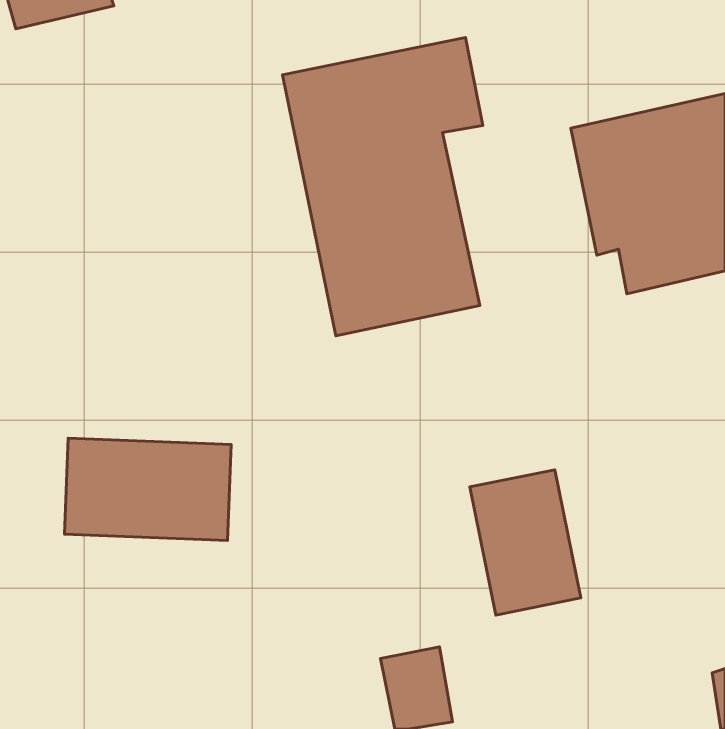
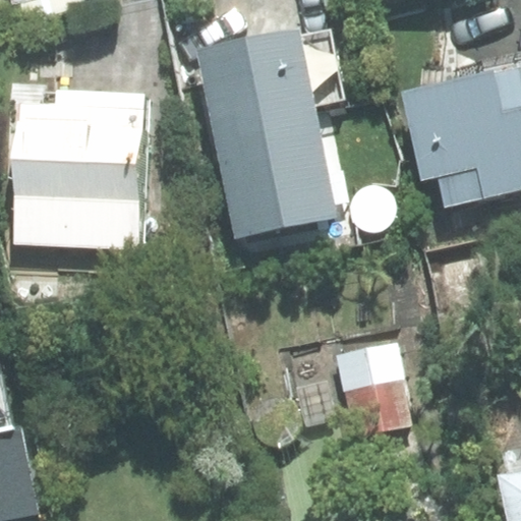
building: none -> [10,90,146,247]
building: [64,438,231,541] -> none

